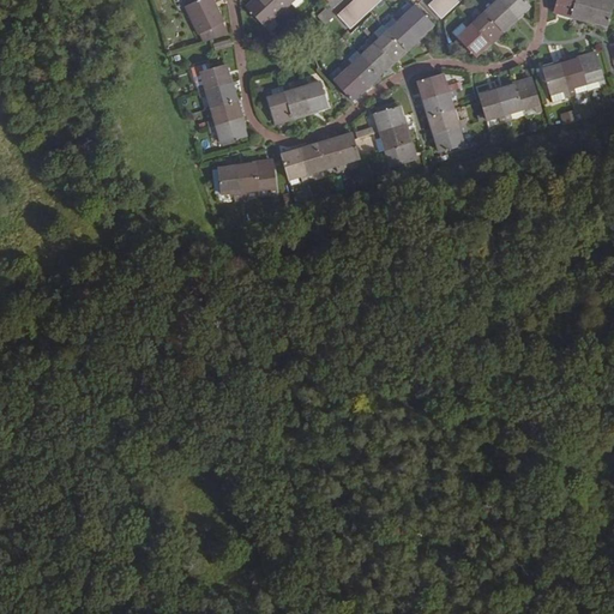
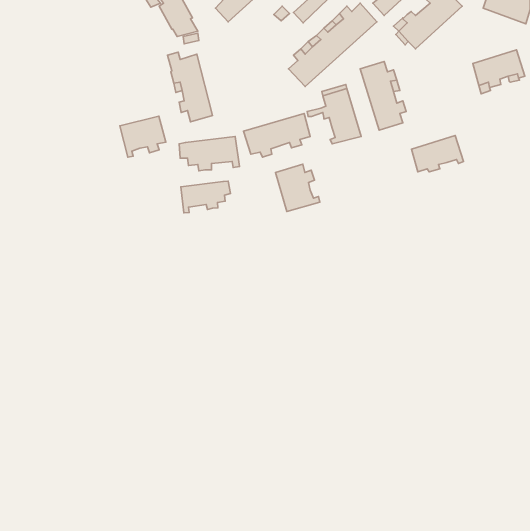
building: [261,76,325,118] -> none
building: [482,83,542,125] -> [412,136,464,172]
building: none -> [120,116,166,157]
building: none -> [276,164,320,211]
building: none -> [181,181,231,213]

